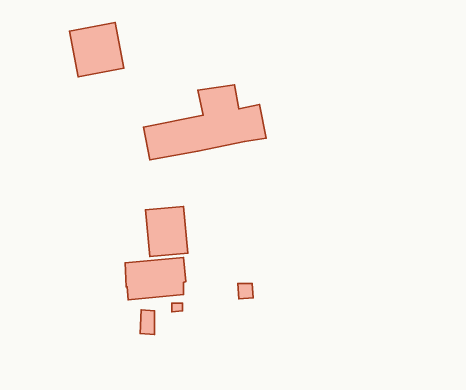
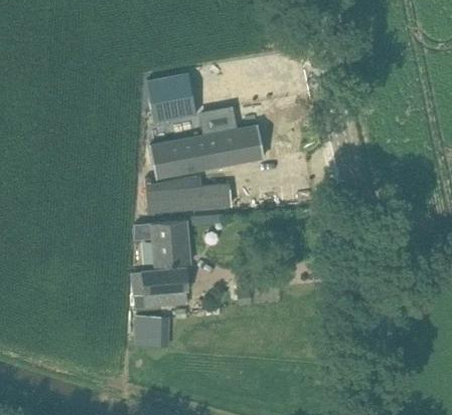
building: [70,23,124,77] -> [147,72,197,123]
building: none -> [146,184,230,213]

